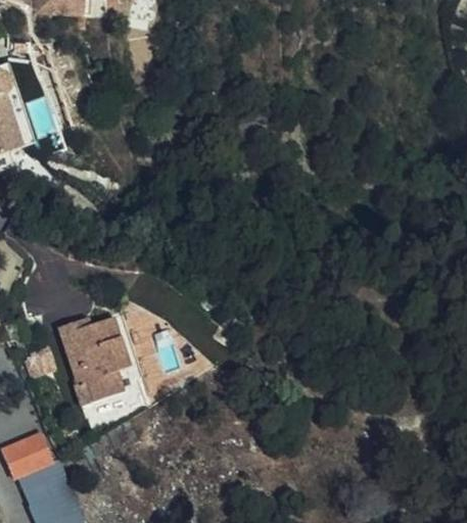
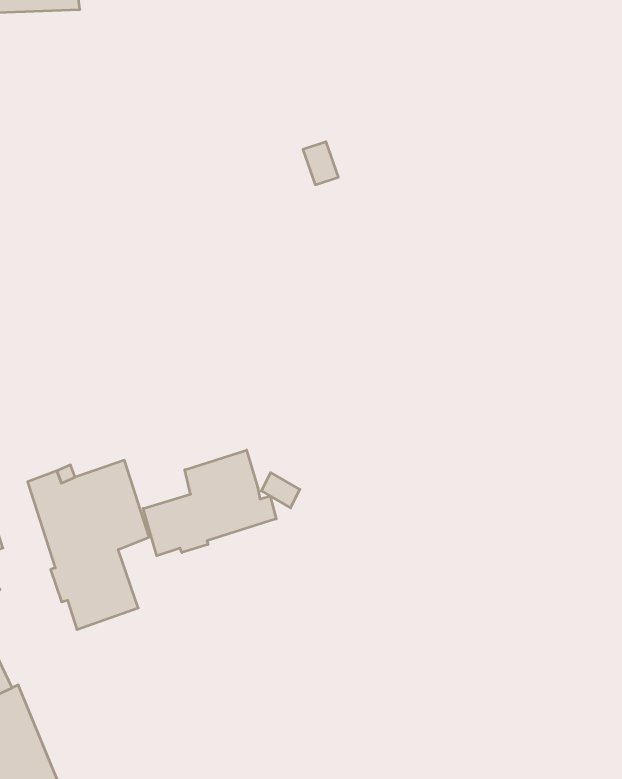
building: none -> [143,450,276,556]

